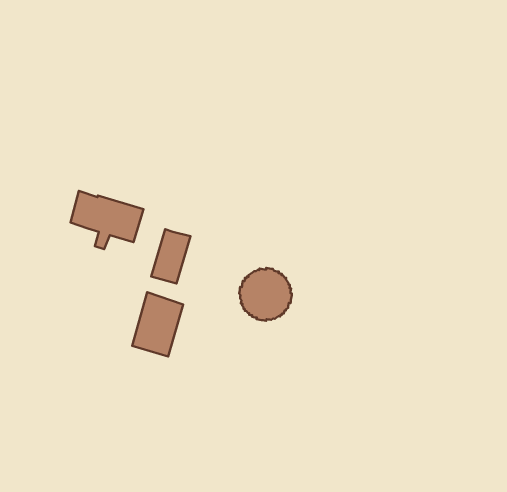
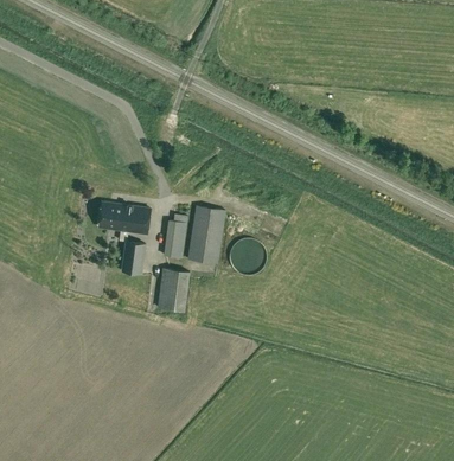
building: none -> [187,206,226,264]
building: none -> [122,242,146,274]

